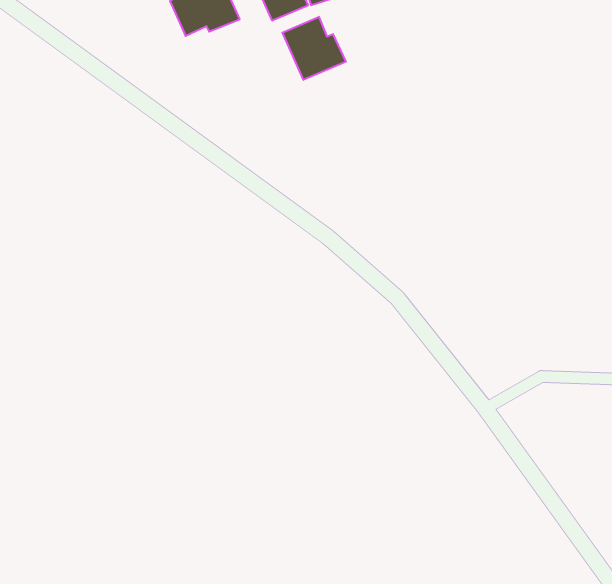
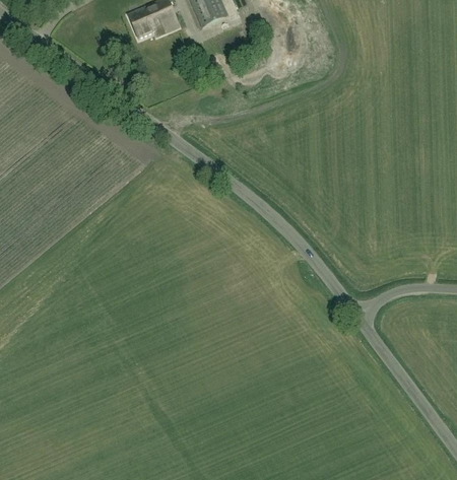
building: [282,17,346,80] -> none

